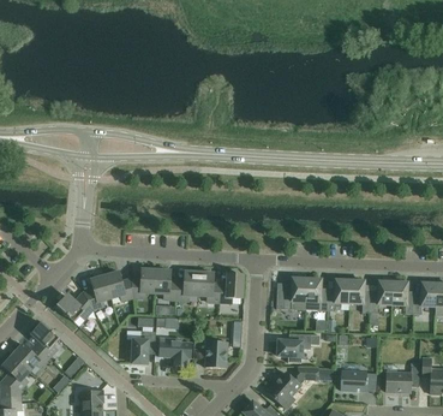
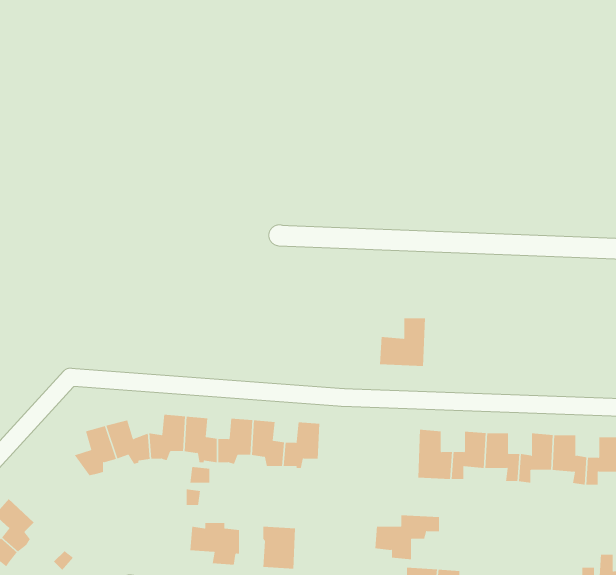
building: [276,278,306,309] -> [379,318,426,366]
building: [56,295,94,321] -> none
building: [132,331,156,363] -> none

